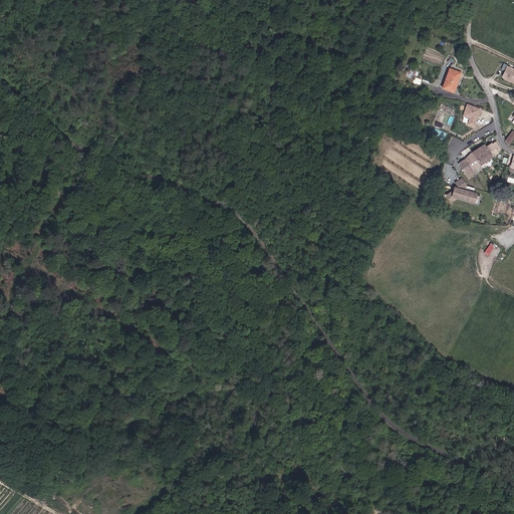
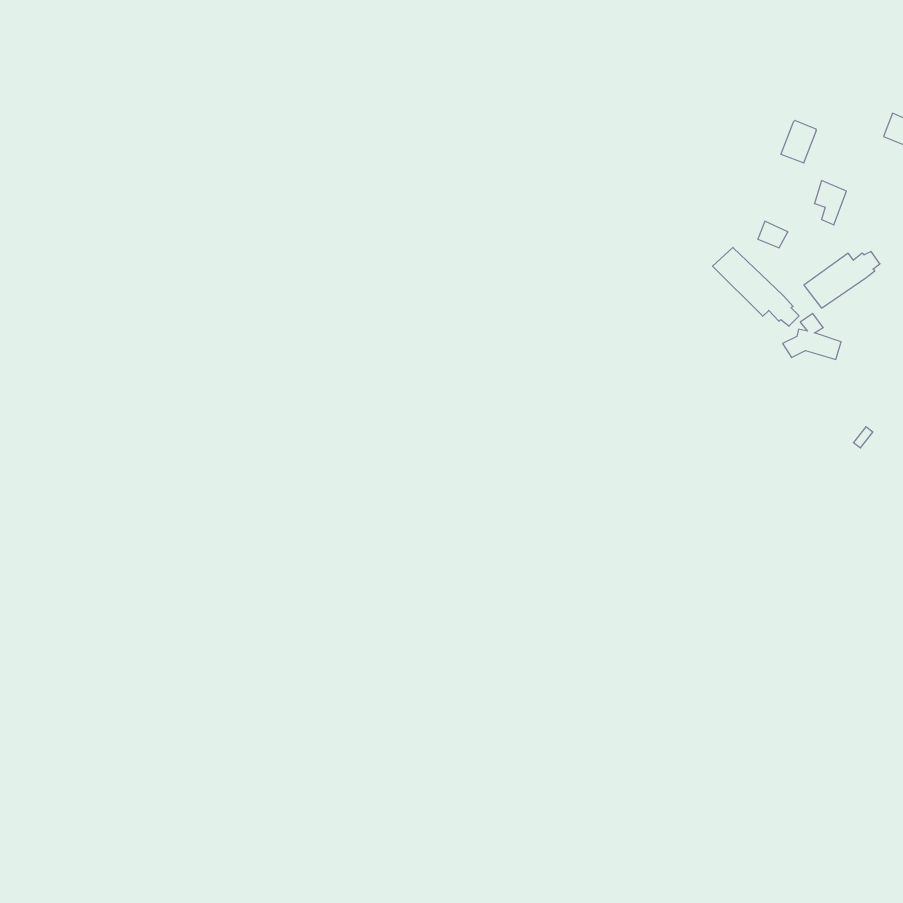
building: none -> [713,247,799,326]

